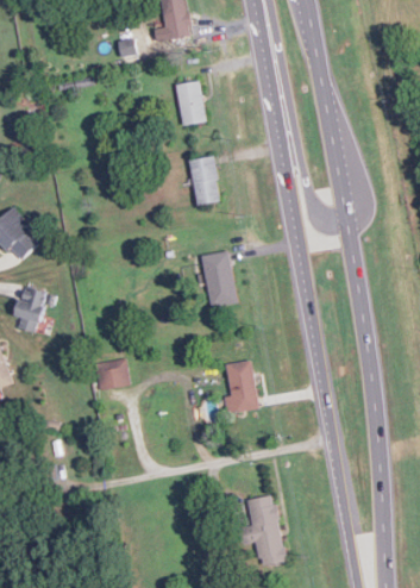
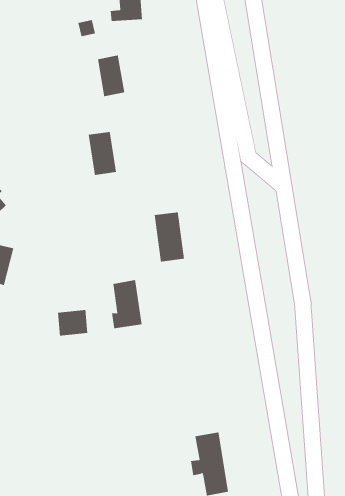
building: [175,80,206,126] -> [97,55,125,97]
building: [188,156,220,205] -> [88,131,117,175]
building: [224,359,258,414] -> [111,280,142,329]

